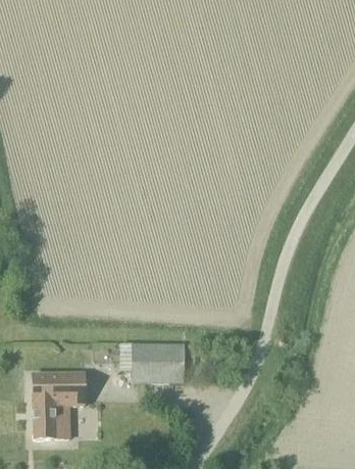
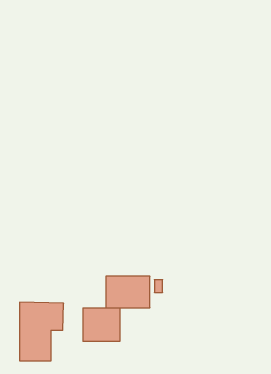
building: none -> [83,308,120,341]

